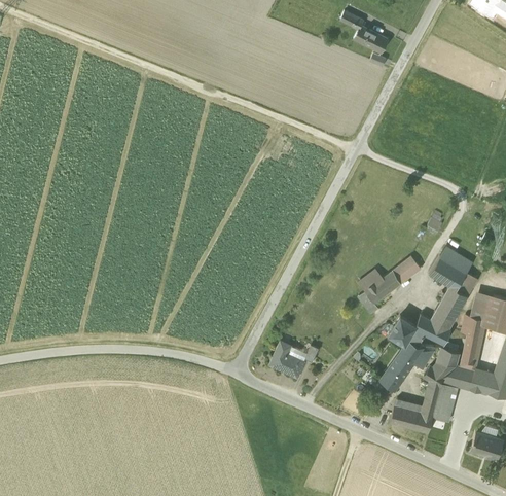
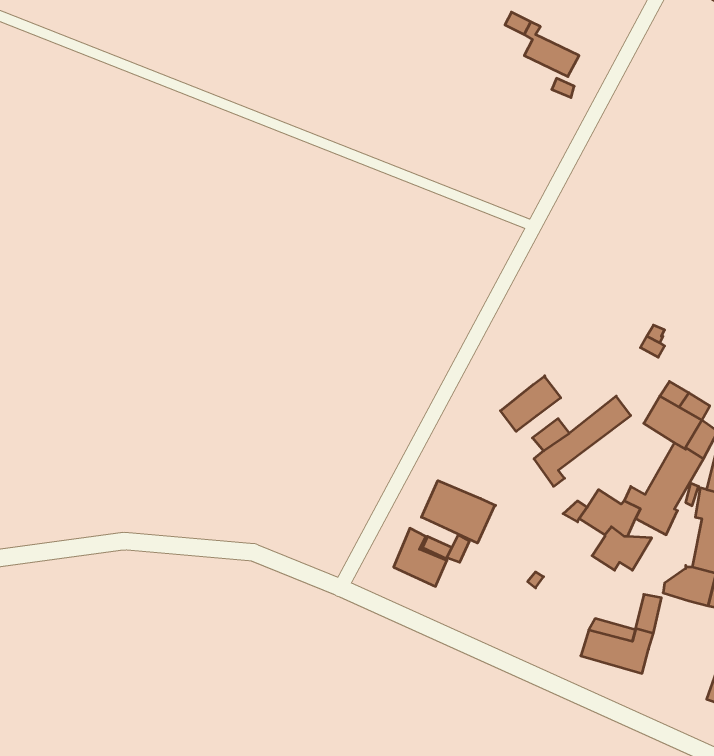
building: none -> [500,376,561,431]
building: none -> [421,481,496,543]
building: [425,347,460,383] -> none
building: [381,358,411,390] -> none
building: [433,382,459,422] -> none

